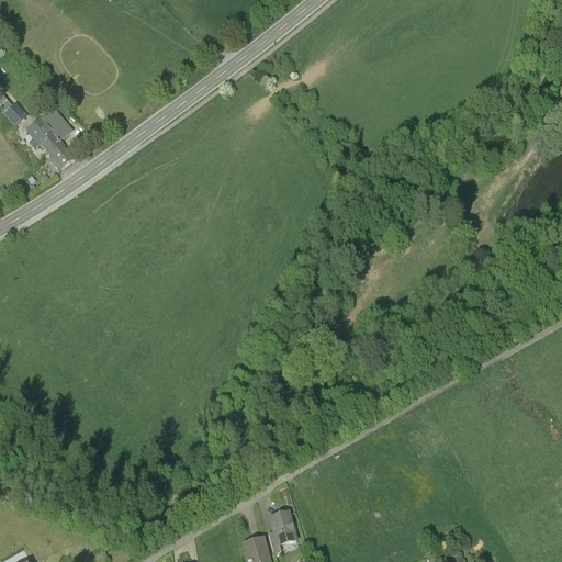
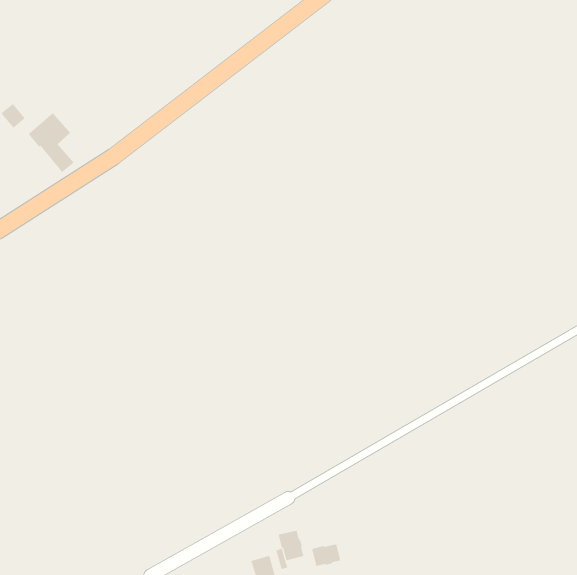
building: none -> [311,544,341,567]

